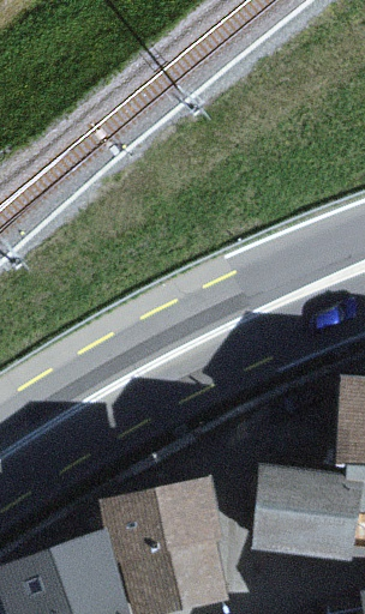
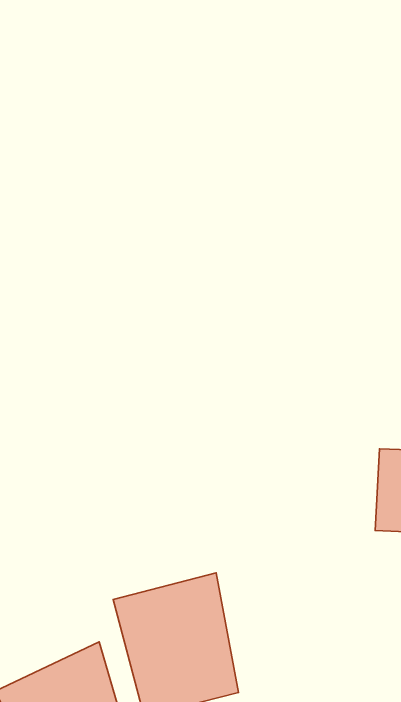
building: [264,470,343,549] -> none

